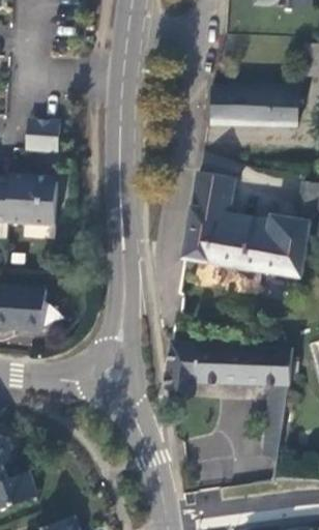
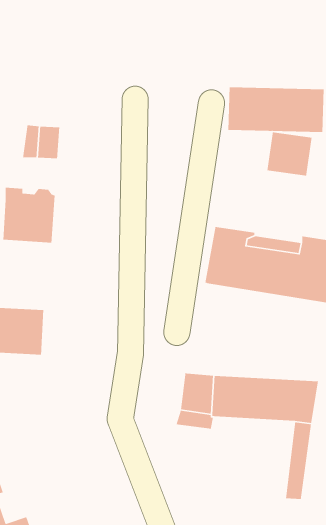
building: [198,176,239,216] -> [266,131,313,177]

